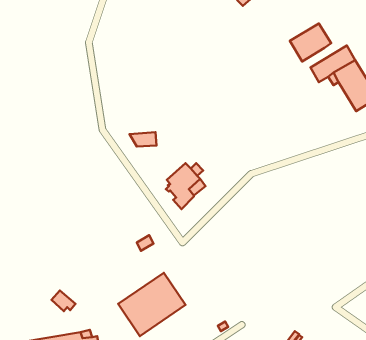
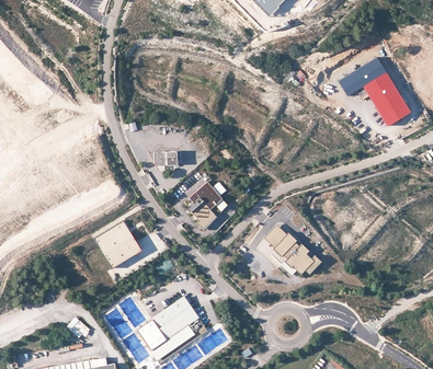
building: [290,23,331,61] -> none
building: none -> [94,220,143,268]
building: none -> [265,223,322,274]

